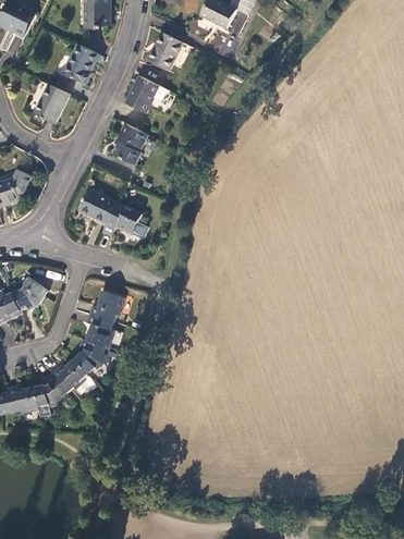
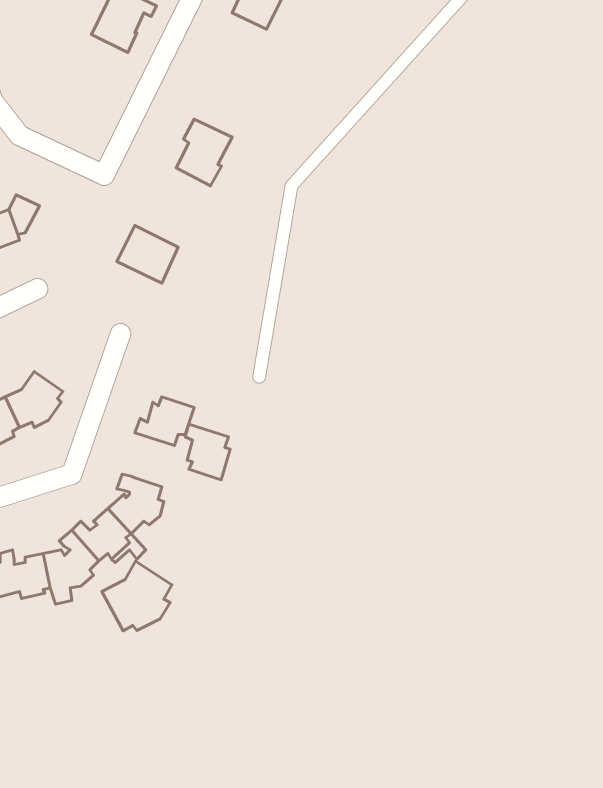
building: [126,75,160,112] -> none
building: [26,84,70,123] -> none
building: [101,200,148,236] -> none
building: [87,314,114,347] -> [185,424,230,480]
building: none -> [102,561,172,631]

